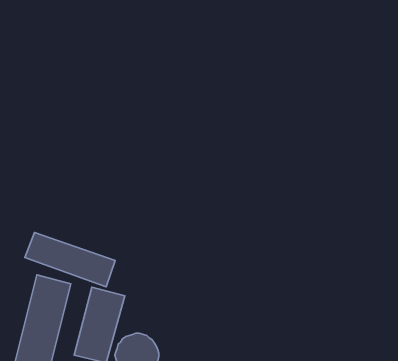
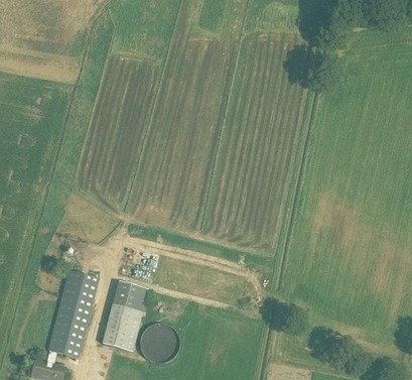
building: [25,233,115,287] -> none

